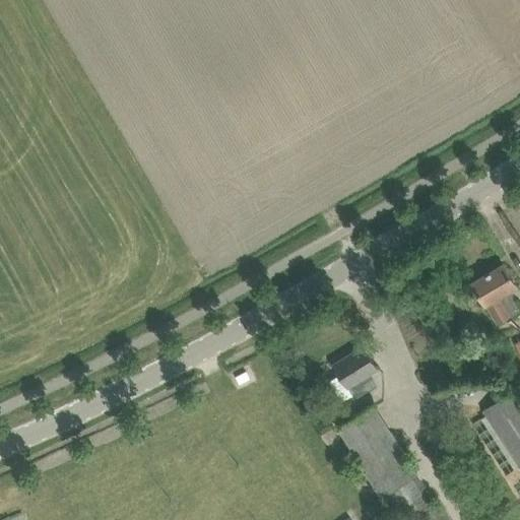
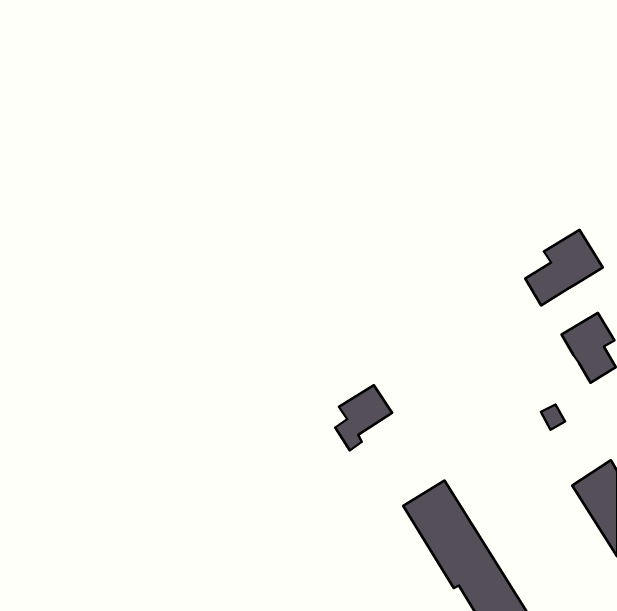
building: none -> [525,230,603,305]
building: [330,350,378,405] -> [335,385,392,450]

